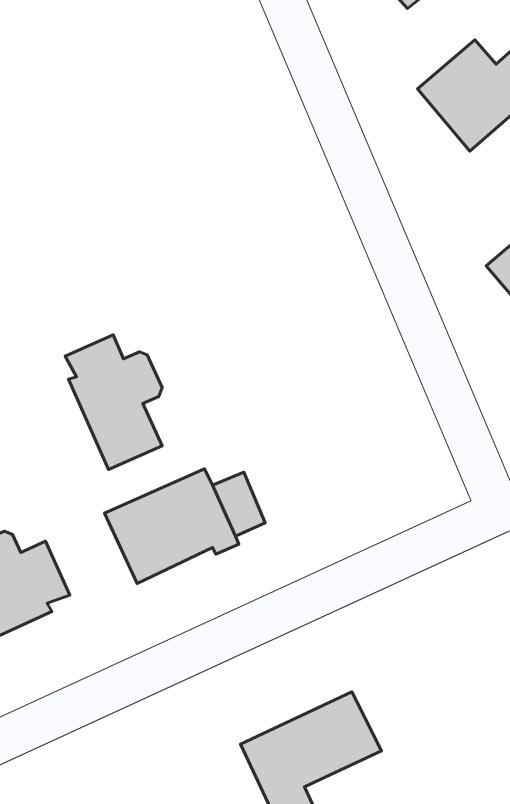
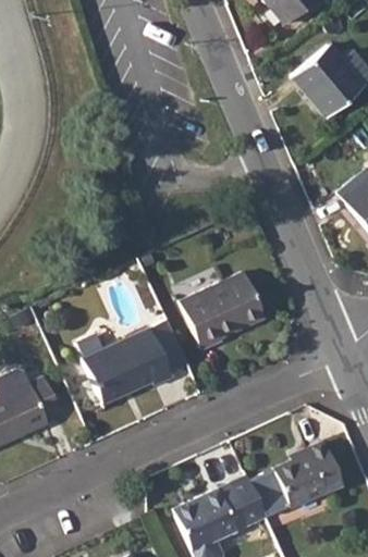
building: [65,335,162,470] -> none
building: none -> [181,272,266,348]
building: none -> [273,443,343,507]

